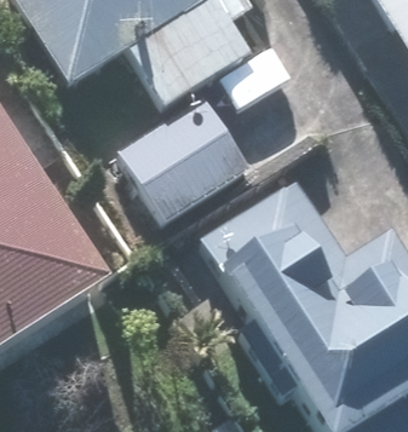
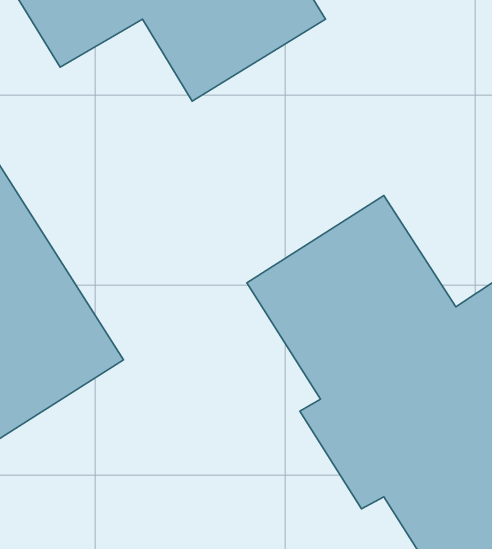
building: [119,96,249,220] -> none

